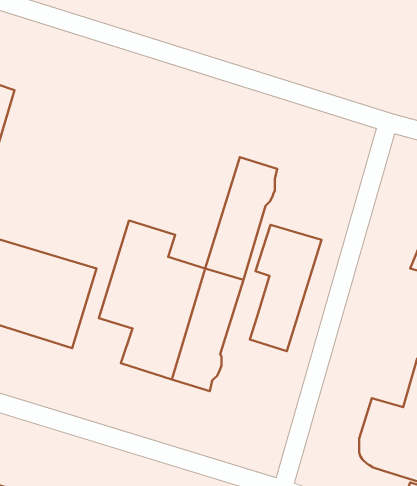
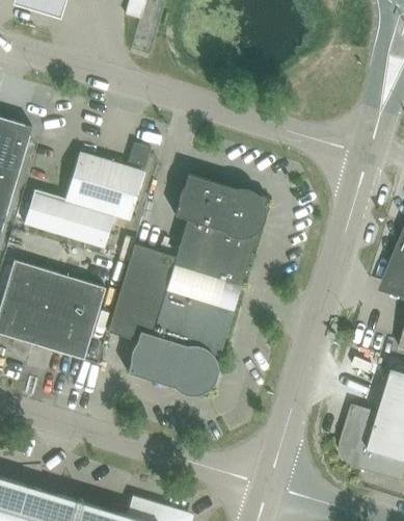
building: none -> [24,142,151,248]
building: [250,225,321,351] -> [169,174,234,287]

